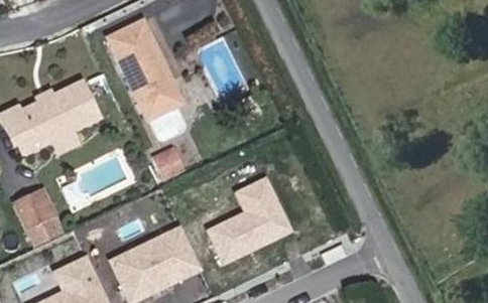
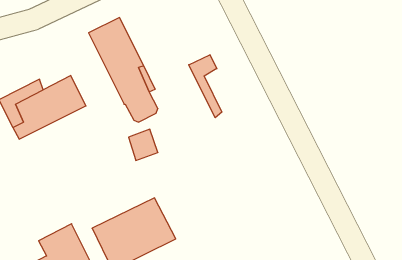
building: none -> [189,55,222,118]
building: [204,176,291,265] -> none
building: [15,194,56,232] -> none

